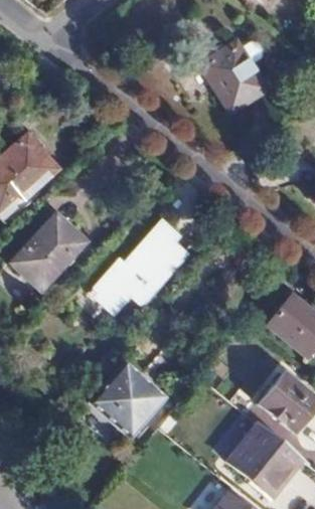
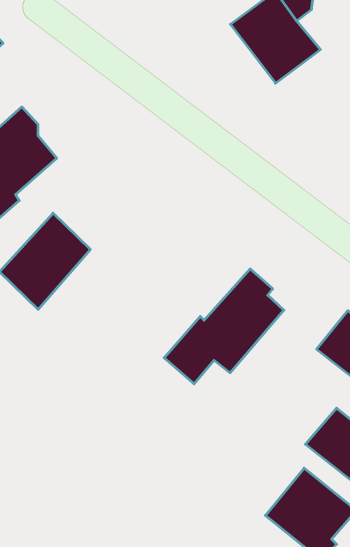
building: [90,221,186,314] -> [164,269,284,384]
building: [92,364,163,436] -> none

